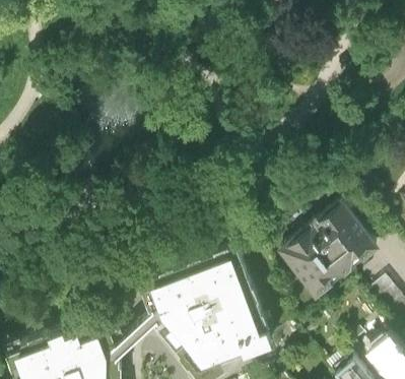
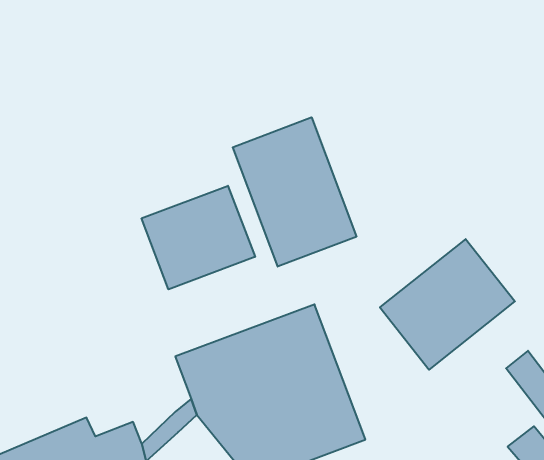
building: none -> [233,117,356,267]
building: none -> [142,186,255,289]

